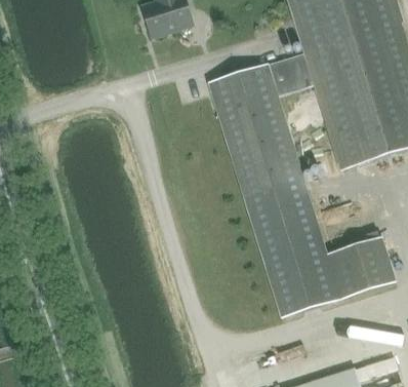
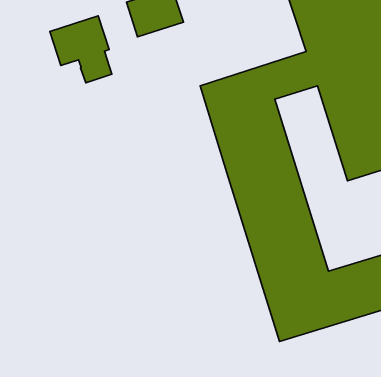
building: none -> [50,16,112,83]

